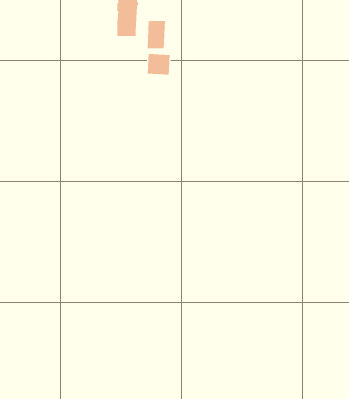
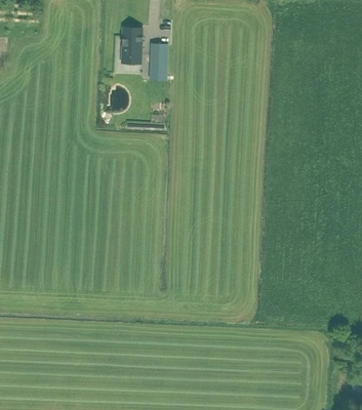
building: [147,53,170,76] -> none

